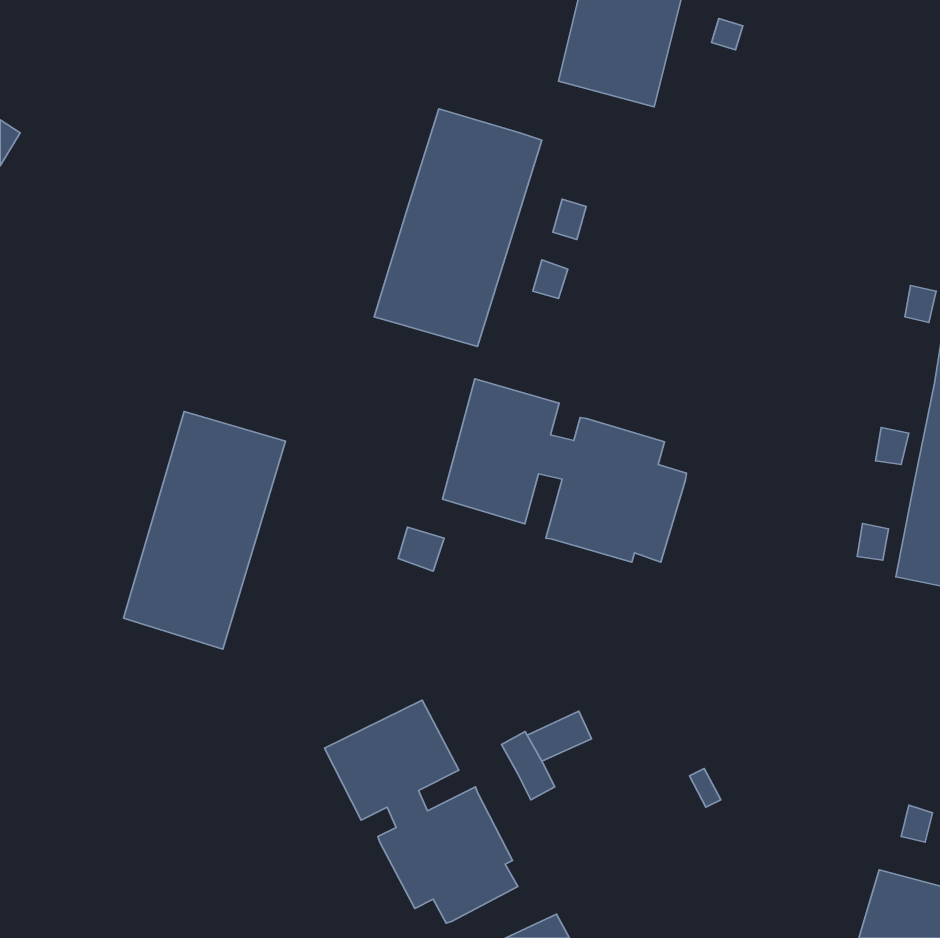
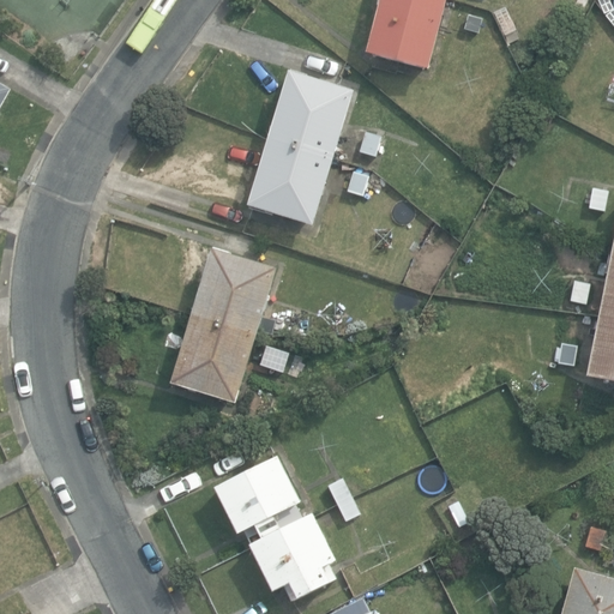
building: [442,379,686,562] -> none
building: [123,412,286,649] -> [169,248,275,403]

